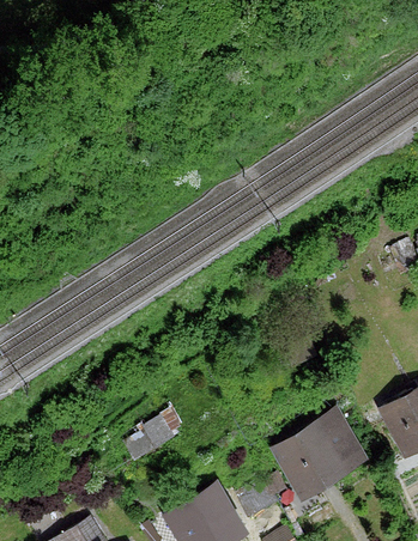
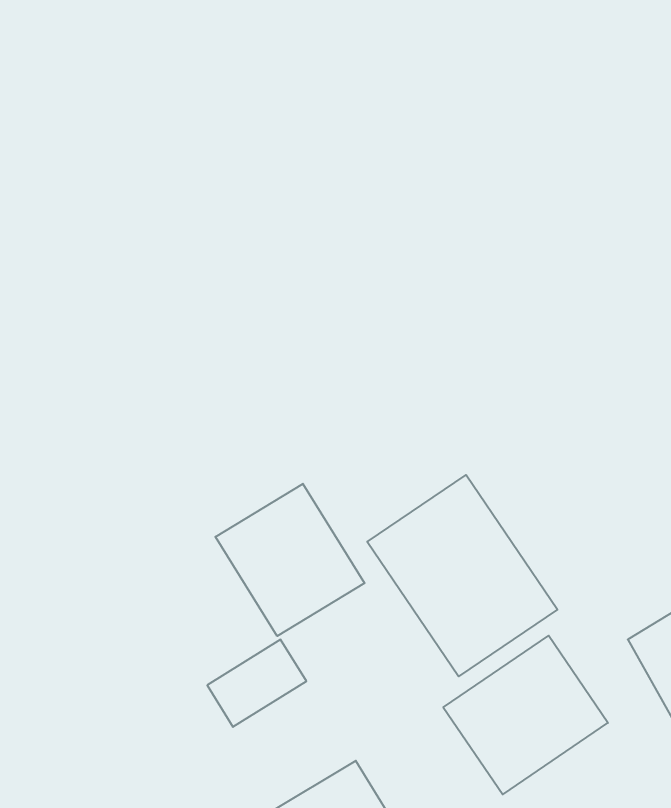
building: none -> [367,475,557,676]
building: none -> [215,484,365,636]

